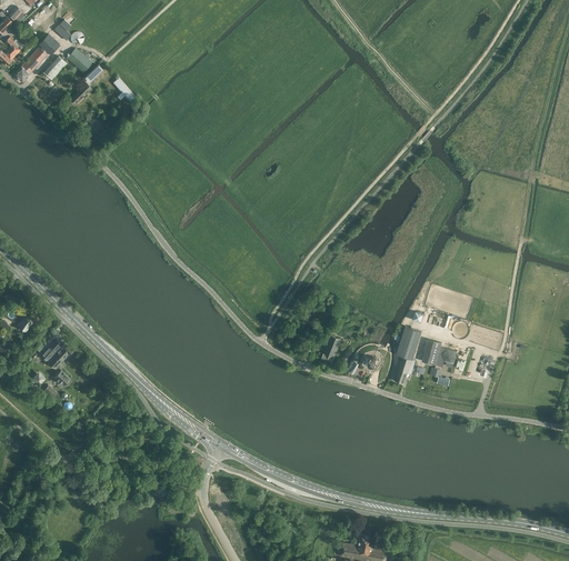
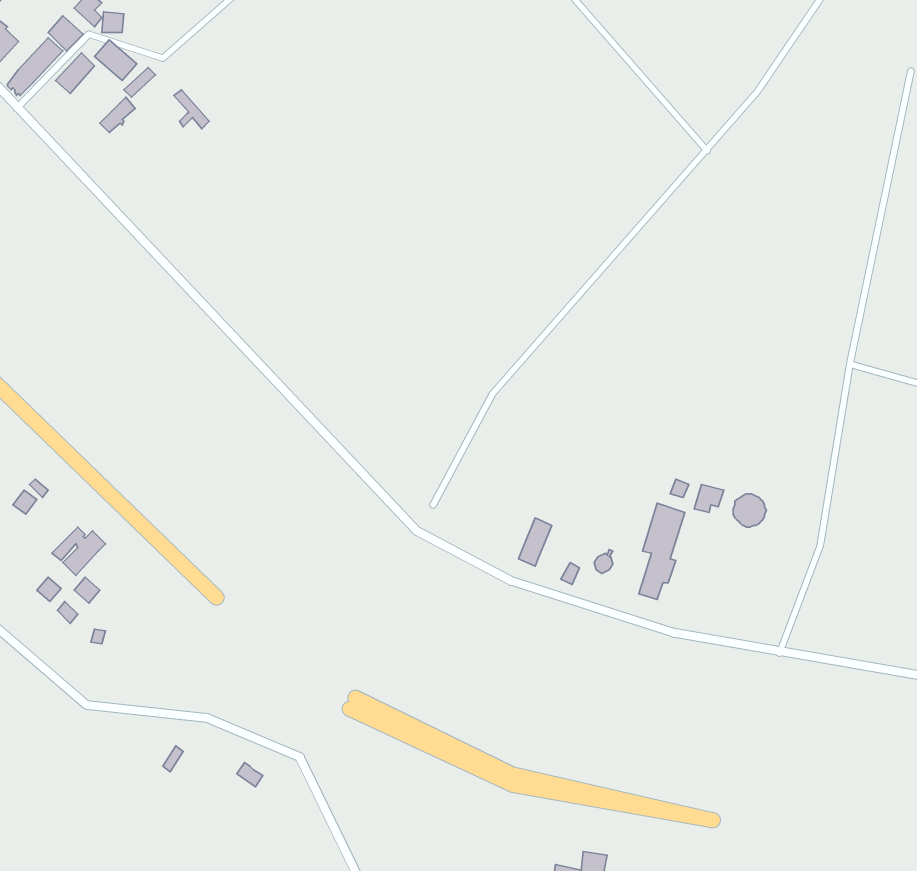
building: [427,343,456,368] -> none

